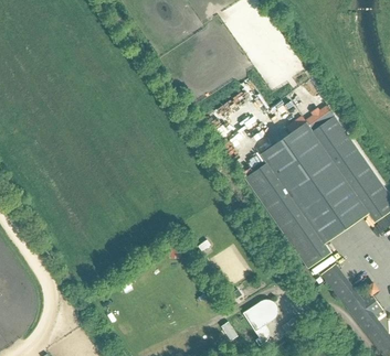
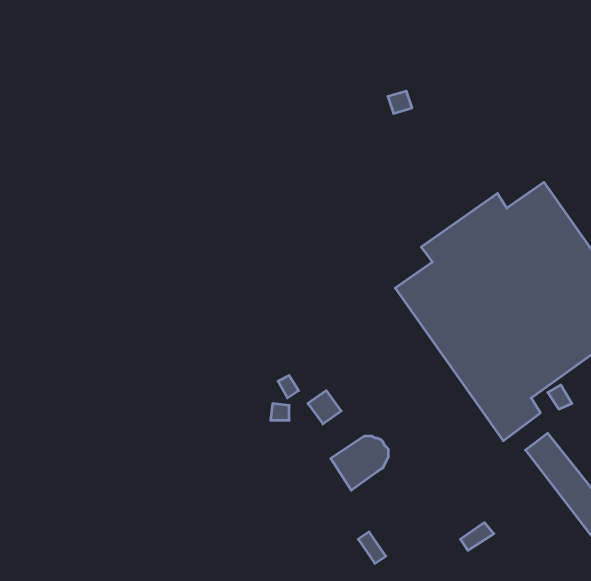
building: [243,300,277,332] -> [331,436,388,490]

